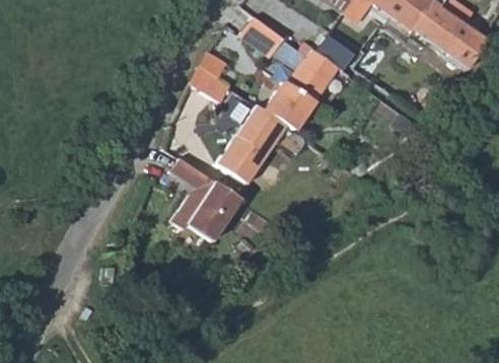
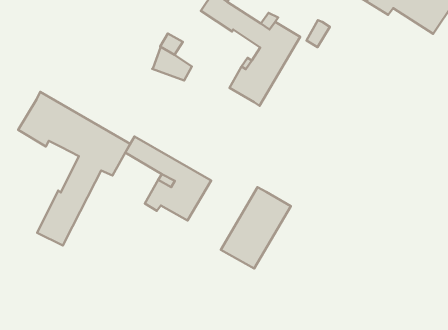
building: none -> [18,92,130,246]
building: [217,104,288,184] -> [221,187,291,269]

